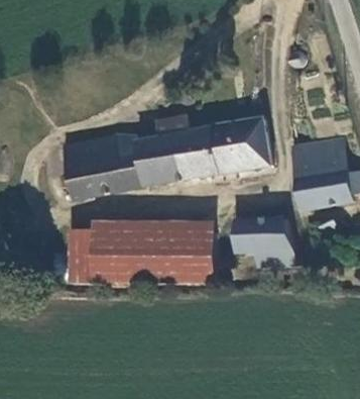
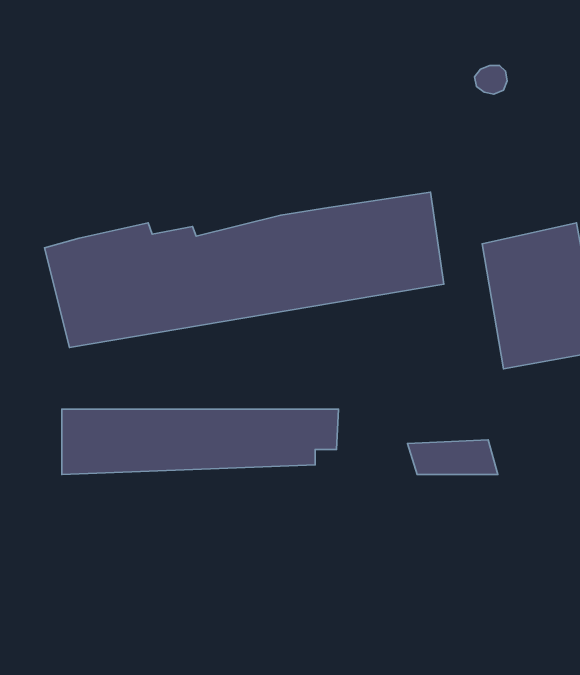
building: [234,218,293,251] -> none
building: [70,252,214,281] -> none

